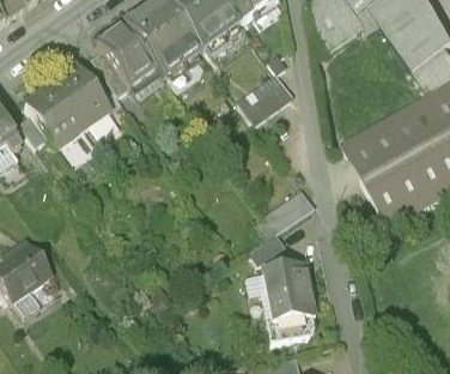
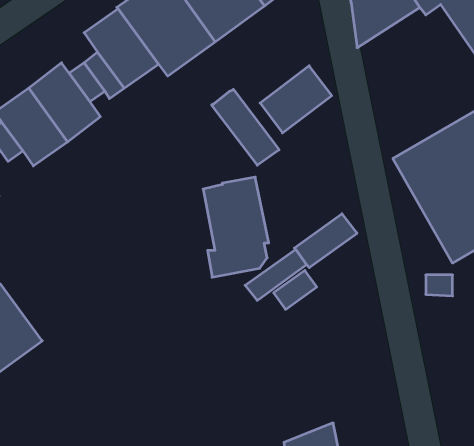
building: none -> [212,89,279,165]
building: [262,261,315,342] -> [203,177,269,277]

